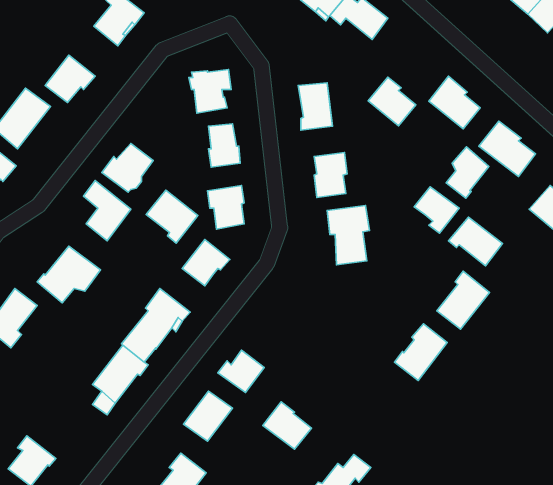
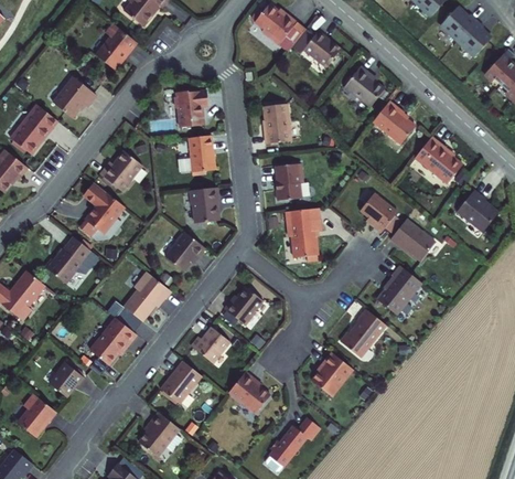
building: [368,77,416,126] -> [341,63,380,104]
building: [446,147,489,198] -> none
building: [146,190,198,243] -> none
building: none -> [227,285,265,322]
building: none -> [313,348,354,391]
building: none -> [50,365,85,400]

